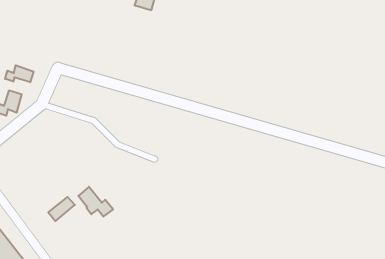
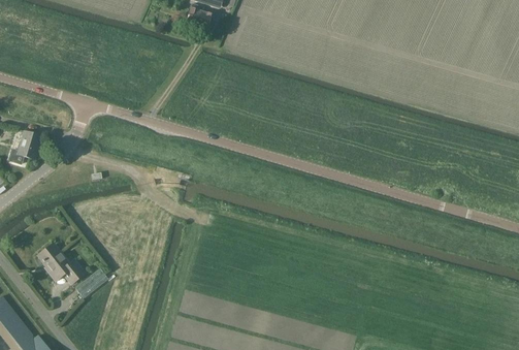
building: [5,65,33,82] -> none
building: [78,187,113,217] -> [38,244,83,282]

